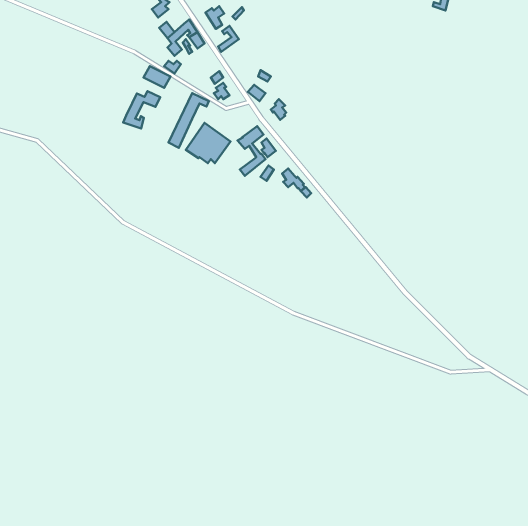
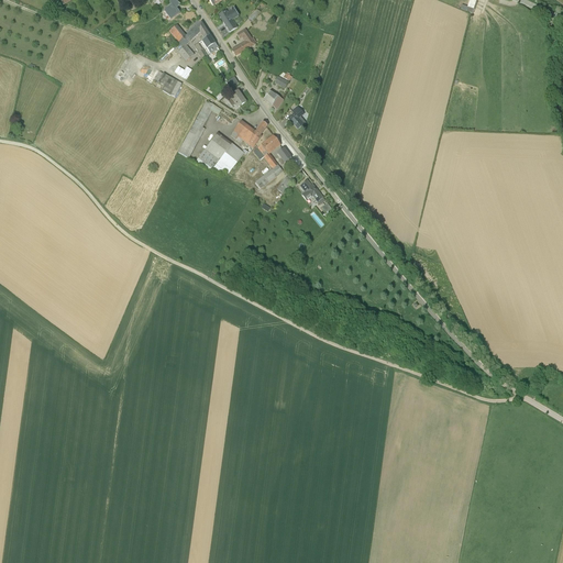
building: [123,91,160,128] -> none
building: none -> [231,120,267,146]

